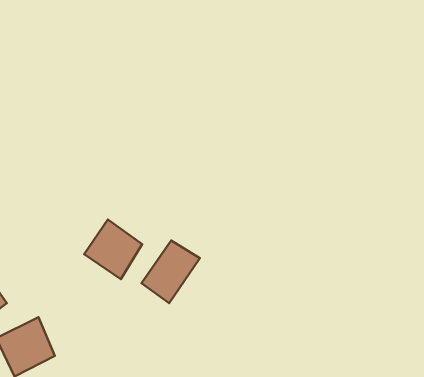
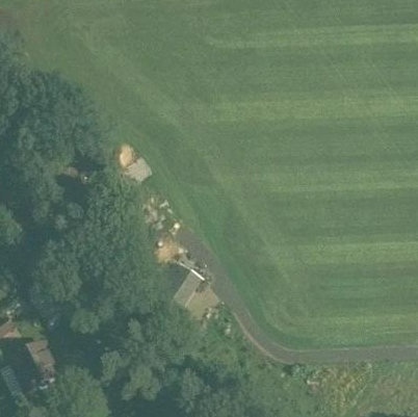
building: [84,219,142,279] -> none

